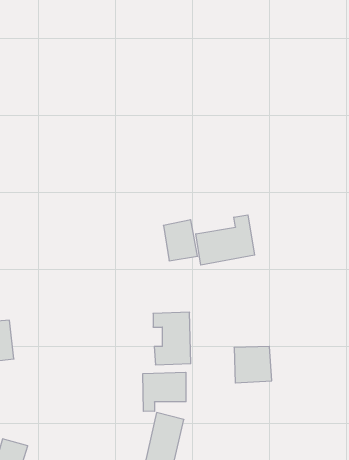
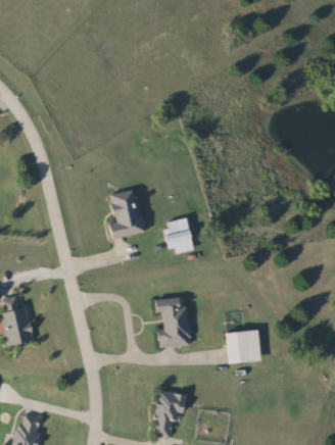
building: none -> [107,189,146,237]
building: [196,215,255,265] -> none
building: [143,372,186,411] -> none

